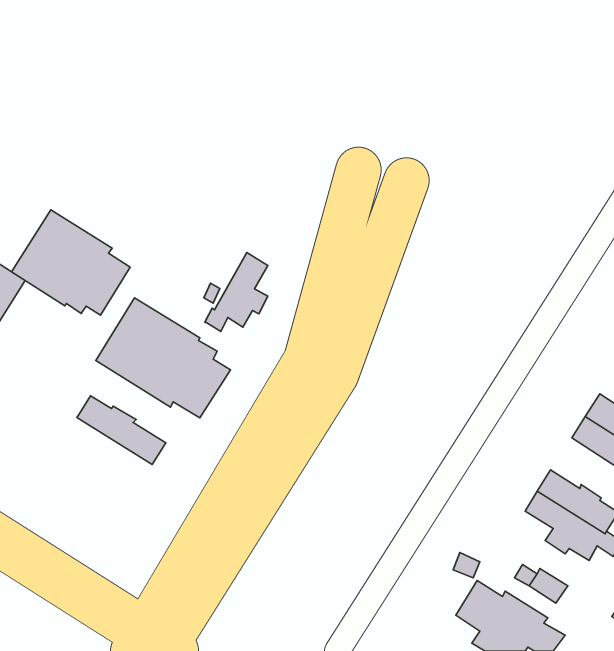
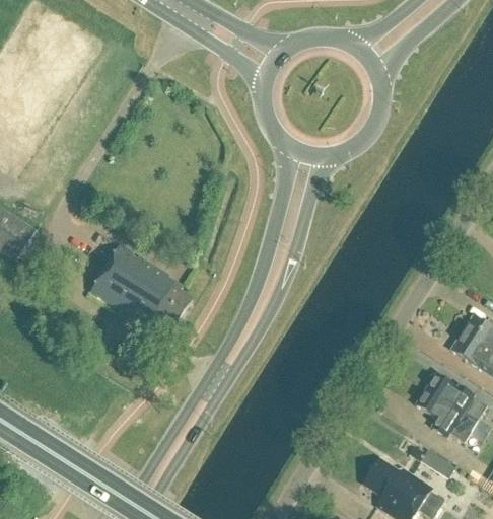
building: [12,210,130,315] -> none
building: [205,253,268,331] -> none
building: [77,396,166,465] -> none

